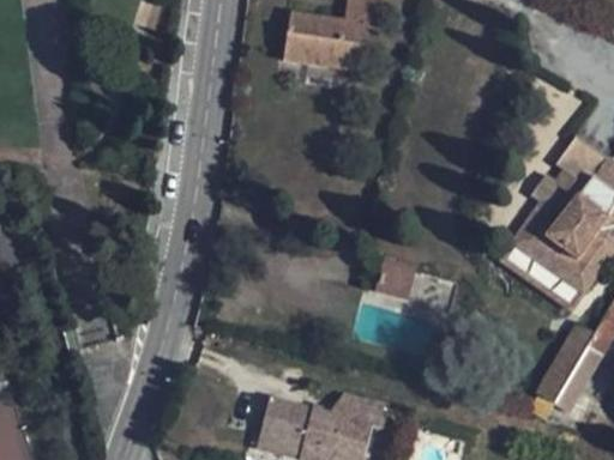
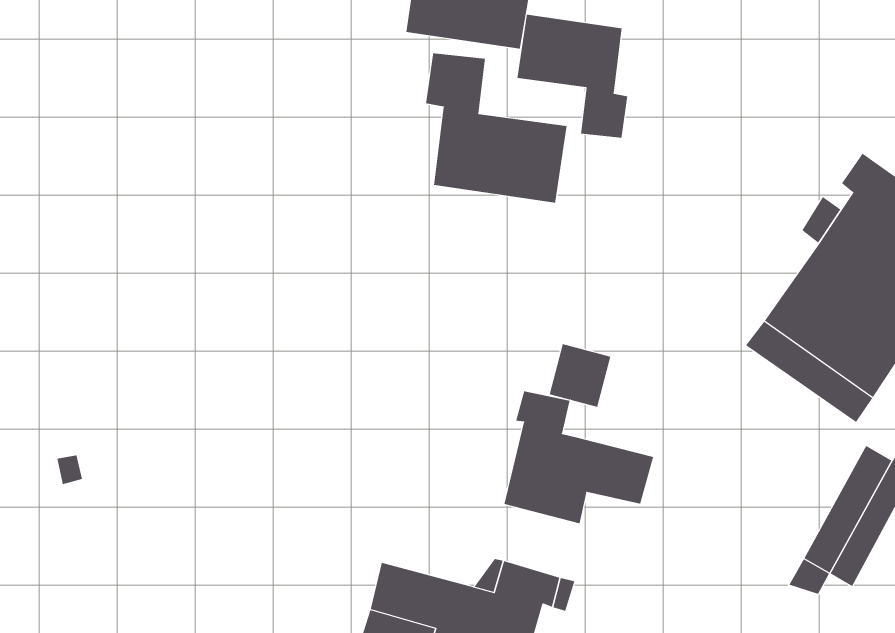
building: none -> [517,14,628,138]
building: none -> [425,52,567,203]
building: none -> [504,390,654,524]

